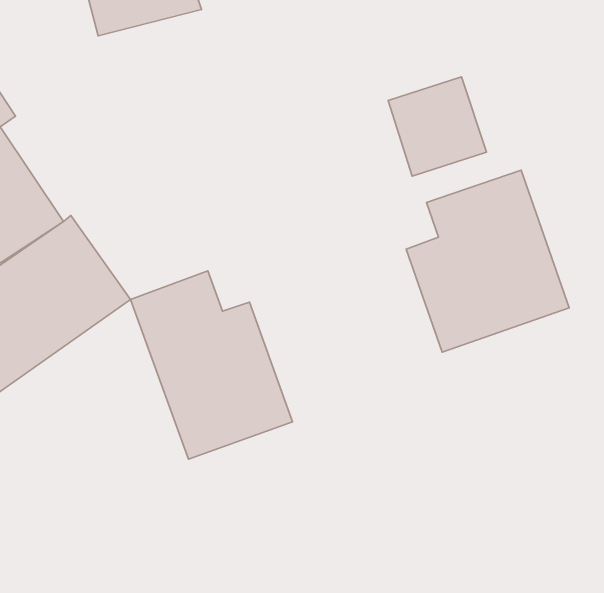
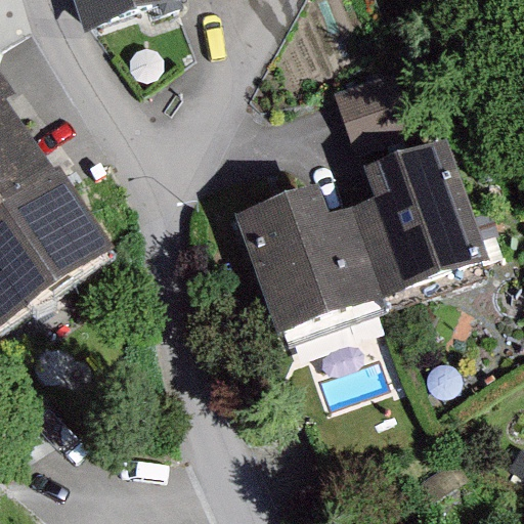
building: none -> [235,189,378,337]
building: [131,271,293,459] -> none

